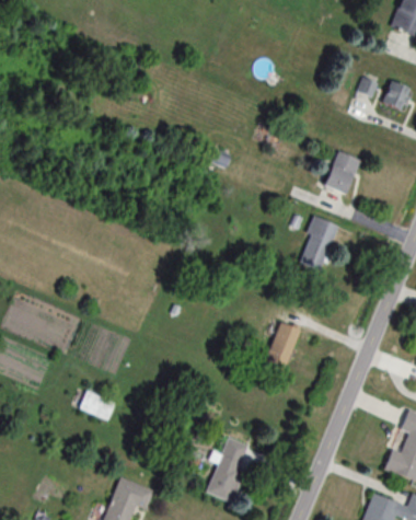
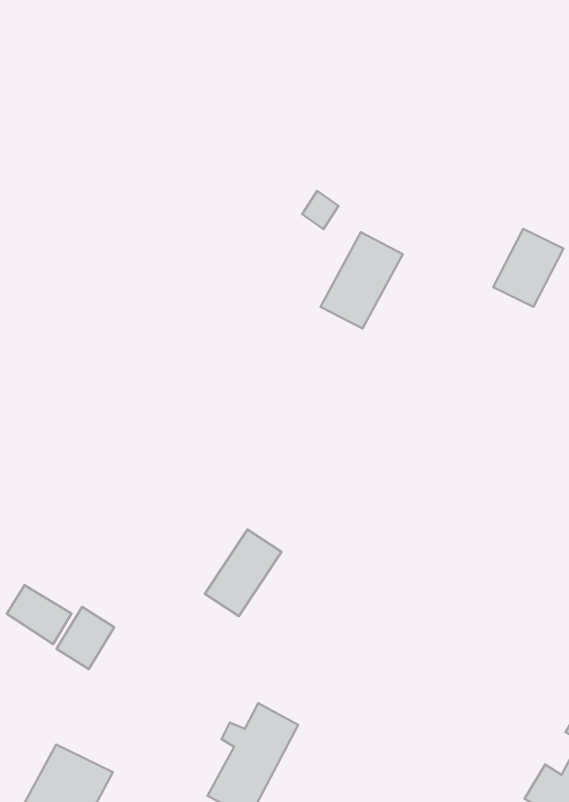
building: [298,217,339,270] -> [321,232,403,328]
building: [263,321,302,370] -> [205,529,281,616]
building: none -> [57,607,114,669]

